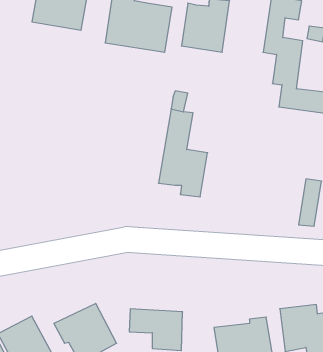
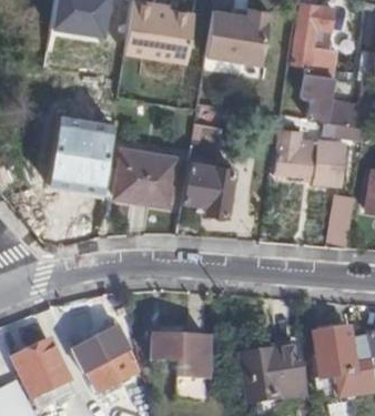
building: none -> [45,112,111,194]
building: none -> [277,130,352,189]
building: none -> [114,150,175,205]

